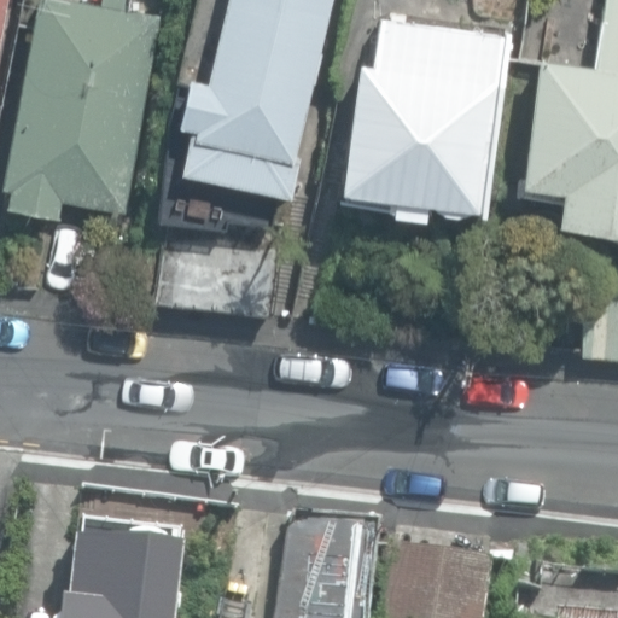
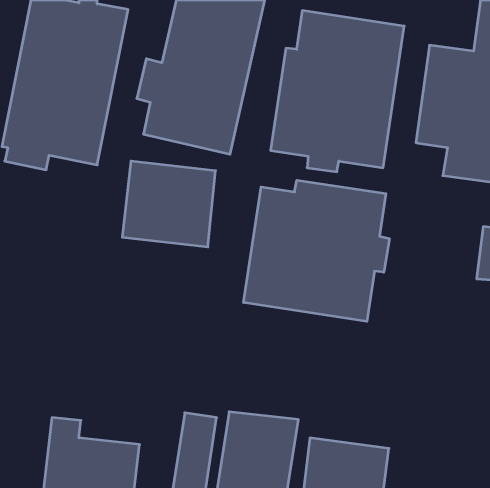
building: none -> [244,180,389,321]

